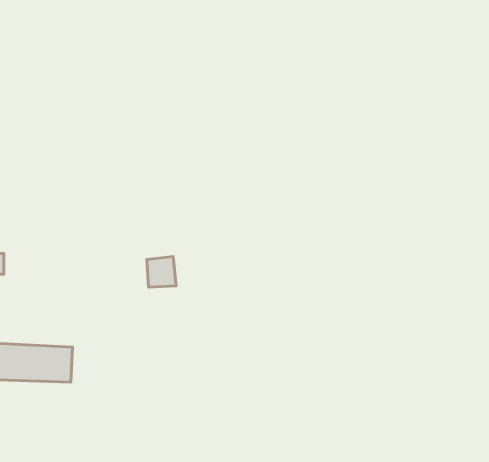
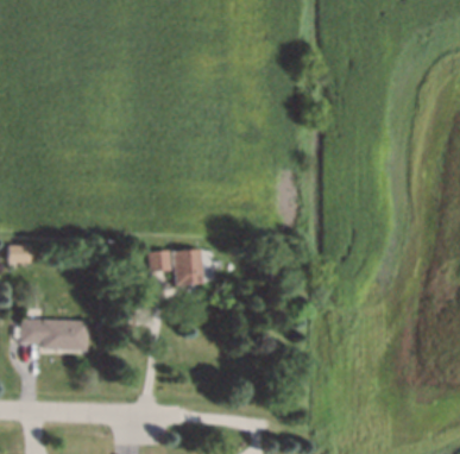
building: none -> [174,248,204,285]

